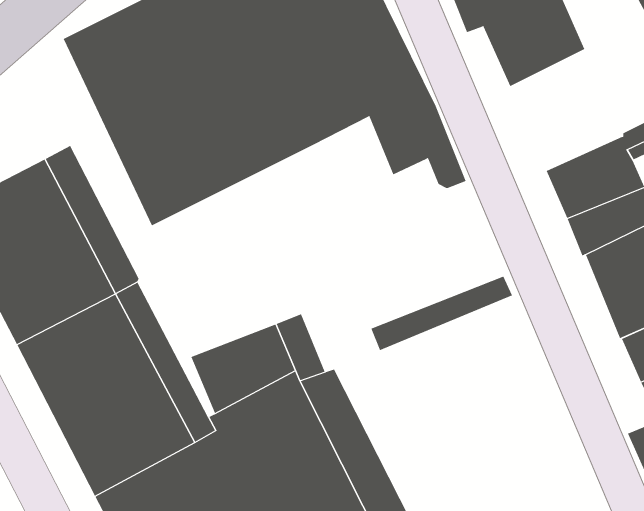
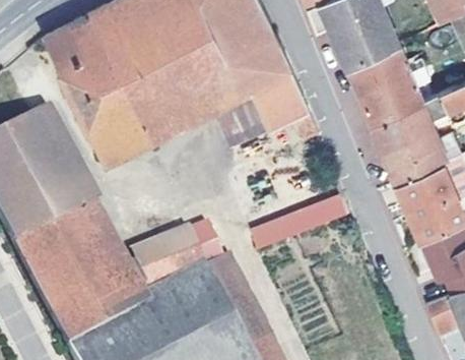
building: none -> [347,43,424,125]
building: none -> [214,88,268,145]

